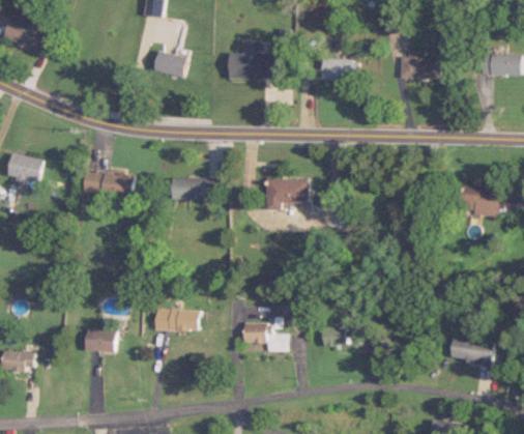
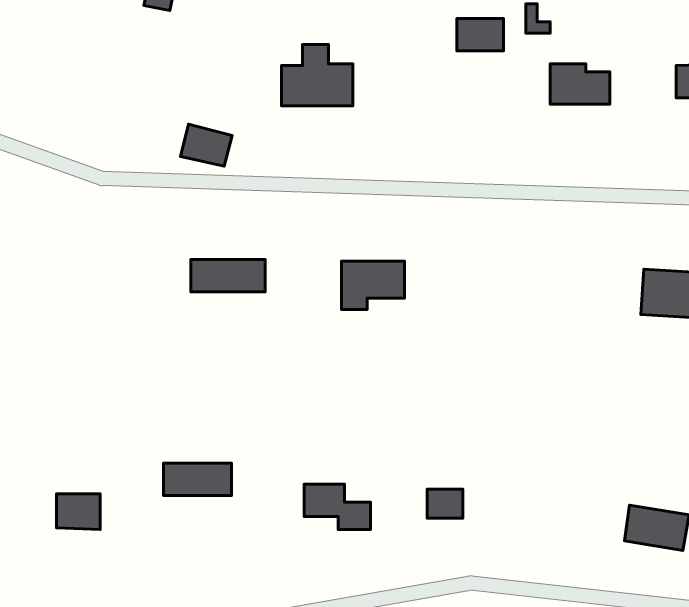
building: [153,51,186,78] -> [180,124,232,166]
building: [323,59,353,80] -> [457,19,504,51]
building: [83,172,133,197] -> none

